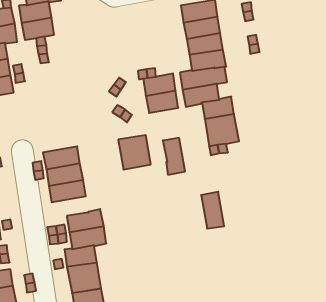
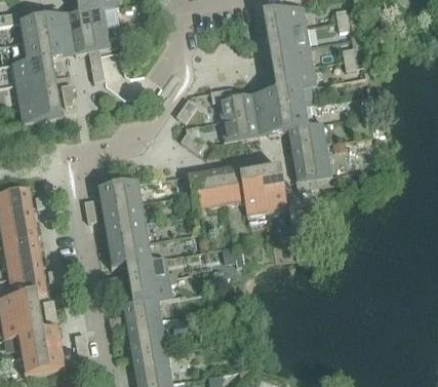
building: none -> [221,163,246,202]
building: [201,192,224,229] -> [261,166,288,210]
building: none -> [108,240,152,267]

